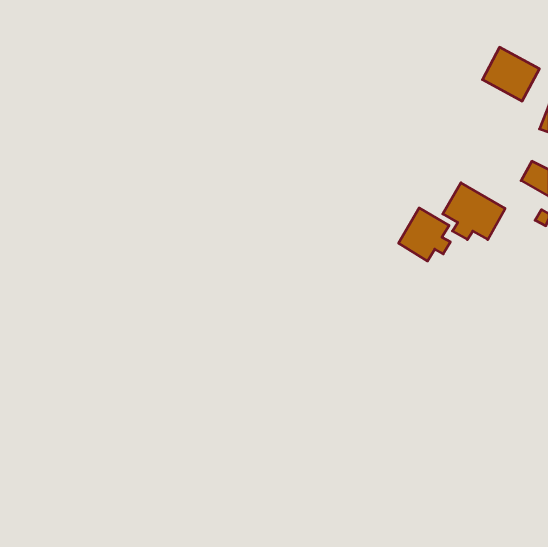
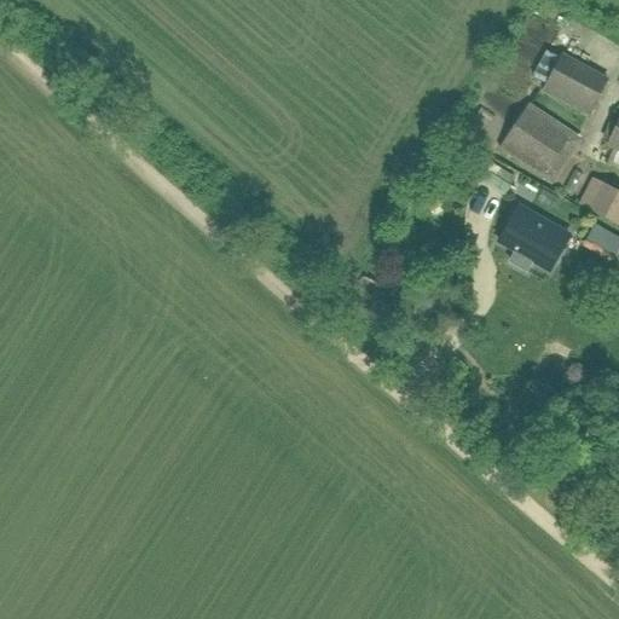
building: none -> [504,109,569,170]
building: [399,208,450,261] -> none

